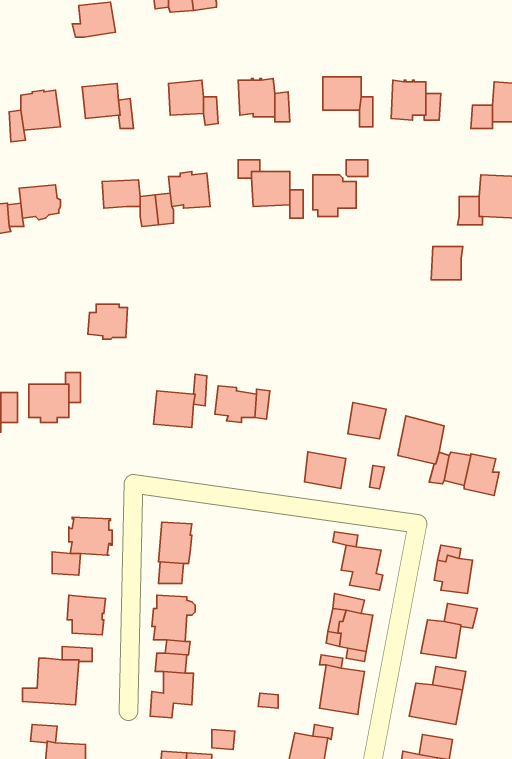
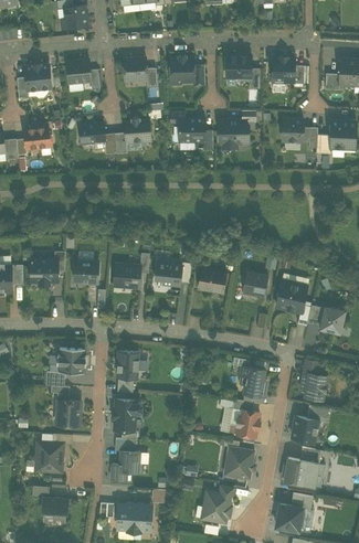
building: [431,247,463,280] -> [282,119,303,141]
building: [88,304,128,339] -> [72,260,98,284]
building: [304,452,346,488] -> [198,268,225,292]

